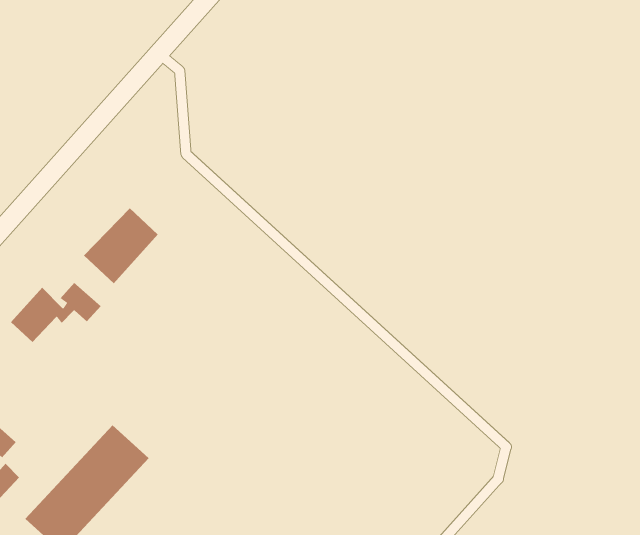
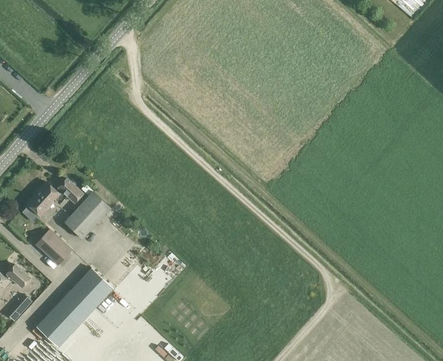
building: [83,207,159,284] -> [64,191,111,239]
building: none -> [36,228,71,263]

